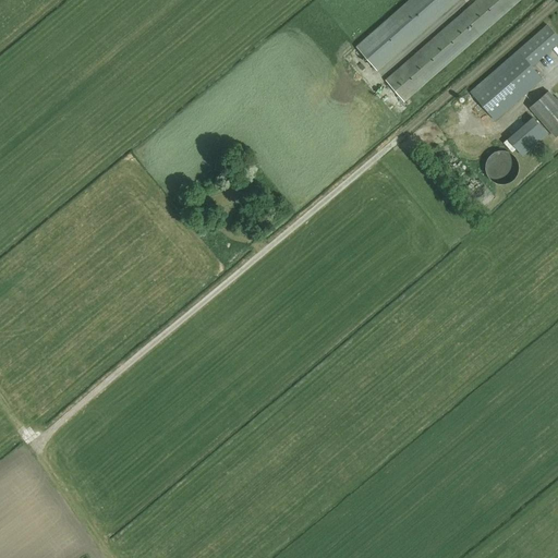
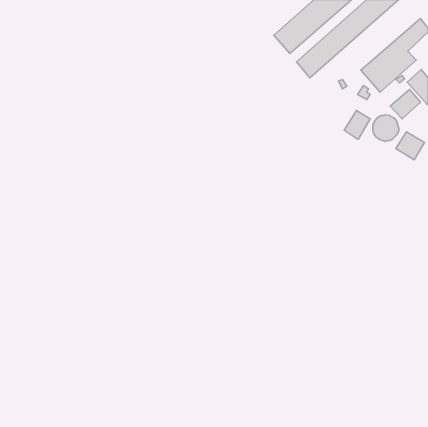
building: none -> [344,111,370,139]
building: none -> [396,132,424,160]

